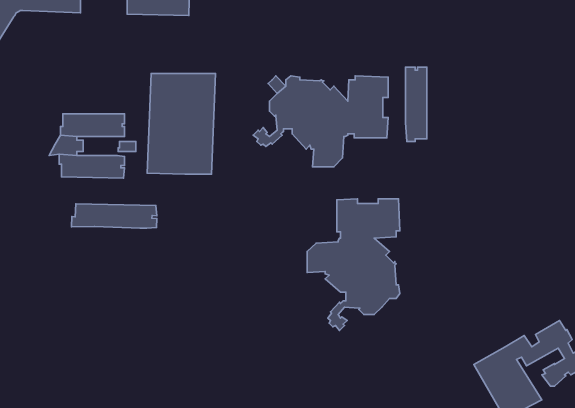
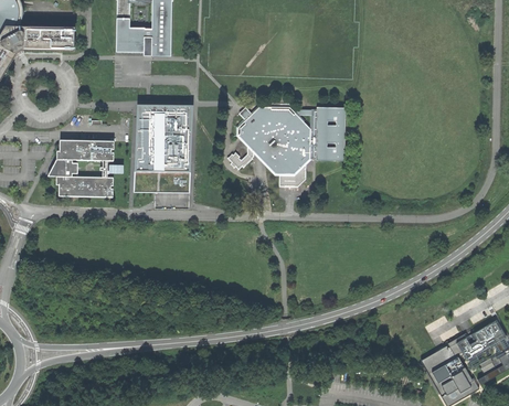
building: [406,67,427,142] -> none
building: [307,199,400,330] -> none
building: [71,204,157,228] -> none

